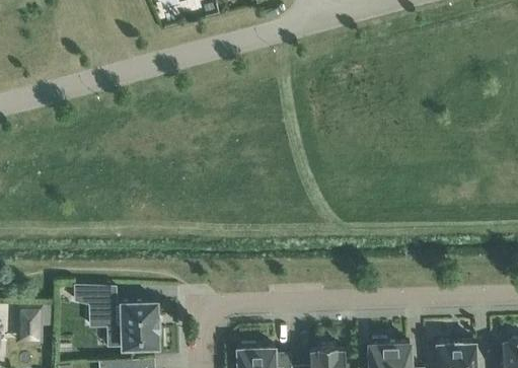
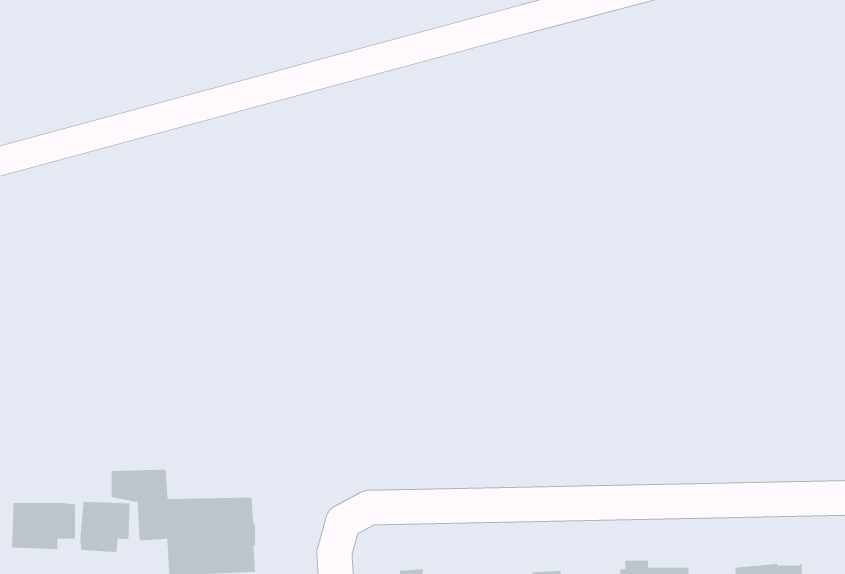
building: none -> [80,501,130,553]

